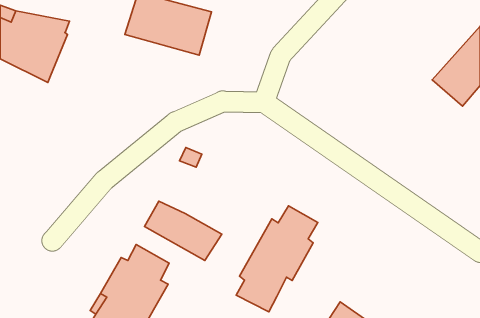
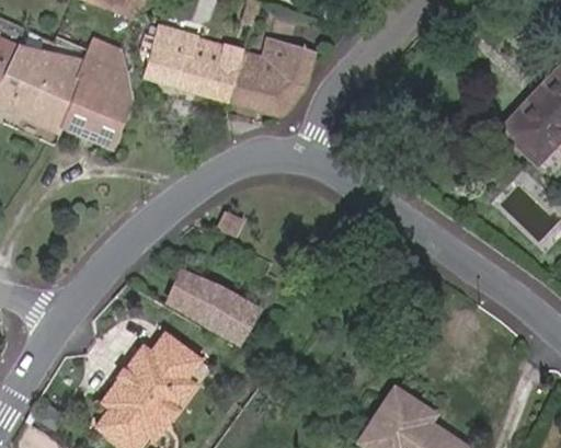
building: none -> [232,42,314,115]
building: none -> [59,53,130,146]
building: [236,206,318,312] -> none

